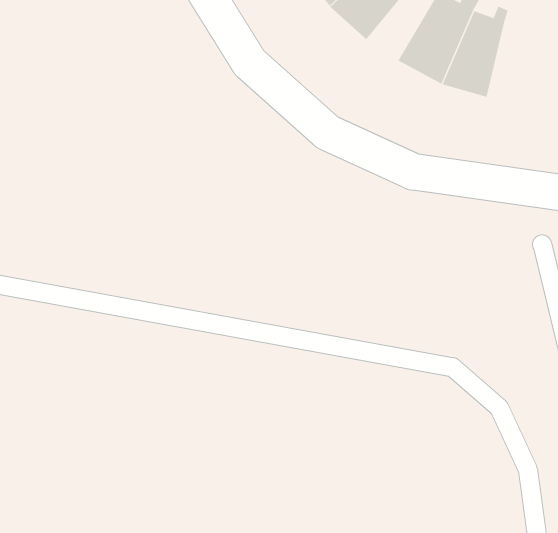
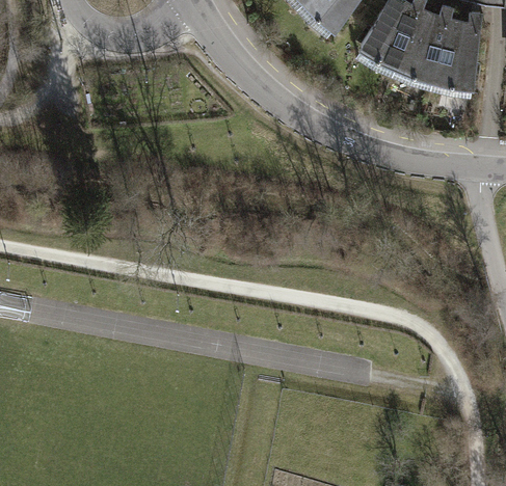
building: none -> [434,14,485,92]

